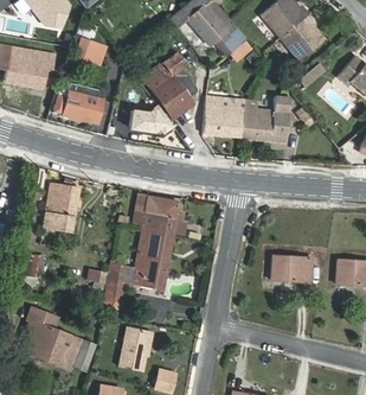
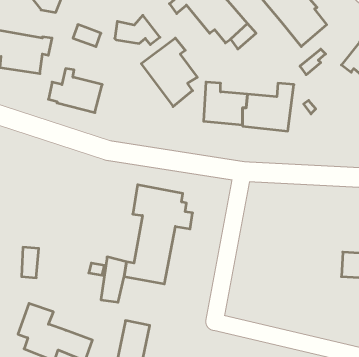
building: [129,104,173,133] -> [115,15,160,45]
building: [41,183,79,234] -> none
building: [271,256,312,282] -> none

